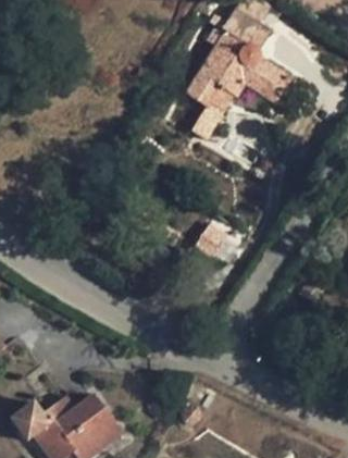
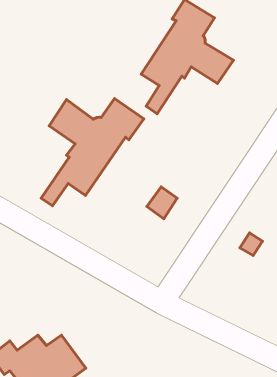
building: none -> [41,98,144,206]

